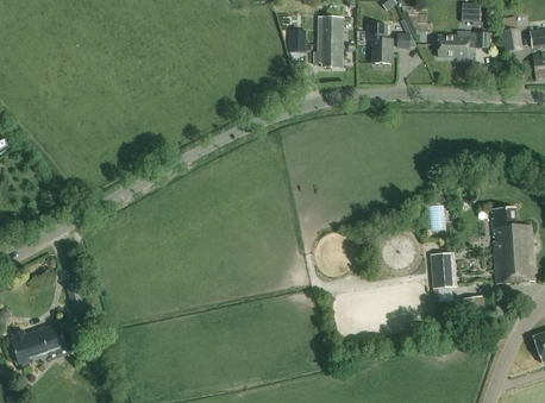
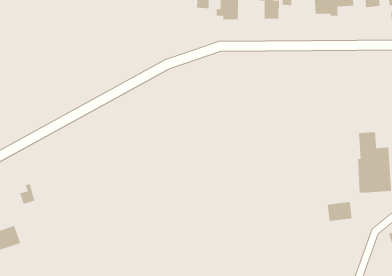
building: [428,251,456,288] -> none

